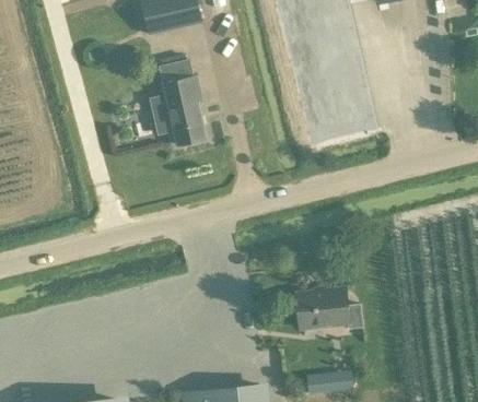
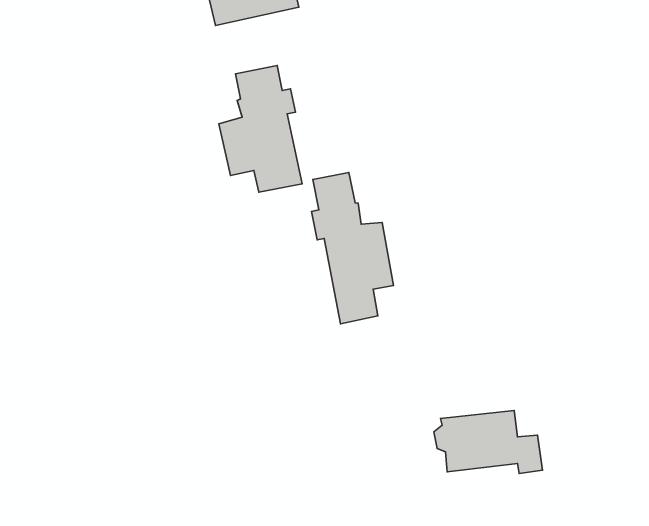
building: none -> [312,172,394,324]

